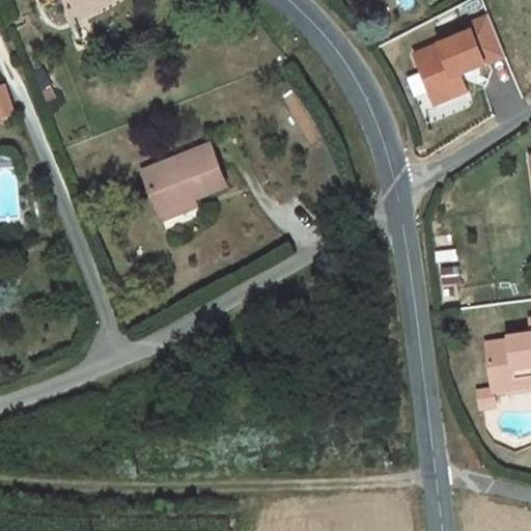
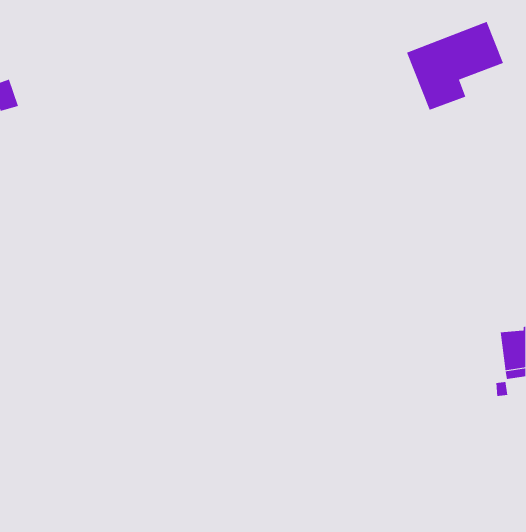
building: [145,142,228,207] -> none

